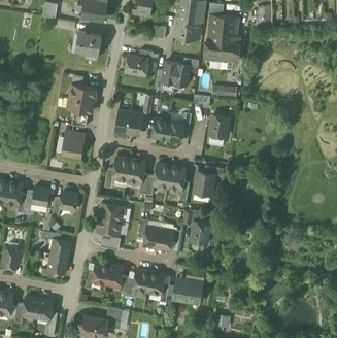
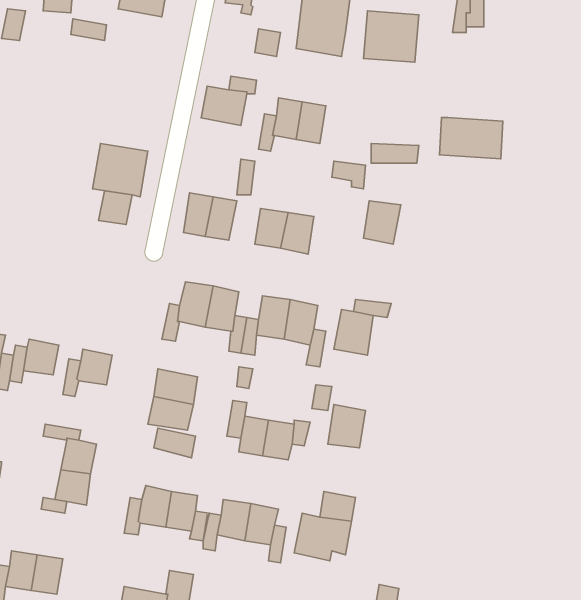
building: [72,31,102,60] -> none
building: [205,40,238,62] -> [440,117,503,159]
building: [62,130,83,158] -> none

